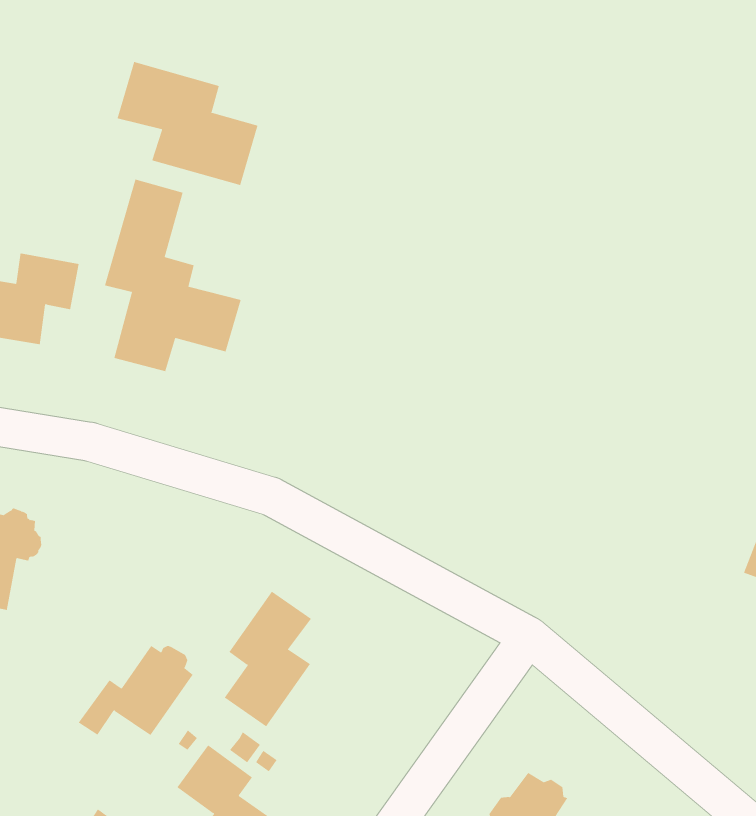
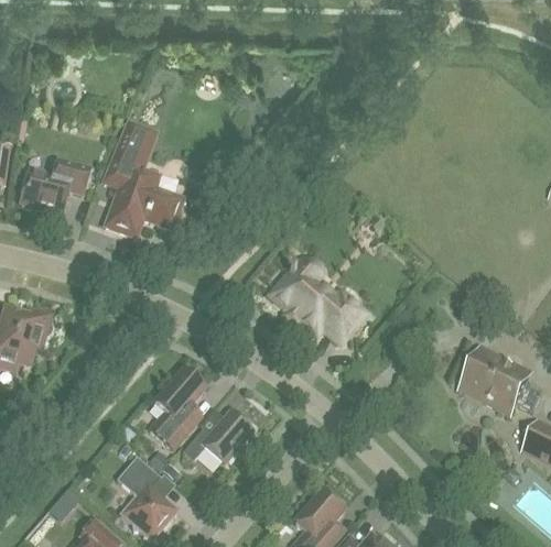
building: [117,61,258,186] -> none
building: none -> [269,259,366,342]
building: [78,645,194,736] -> [182,411,252,463]

